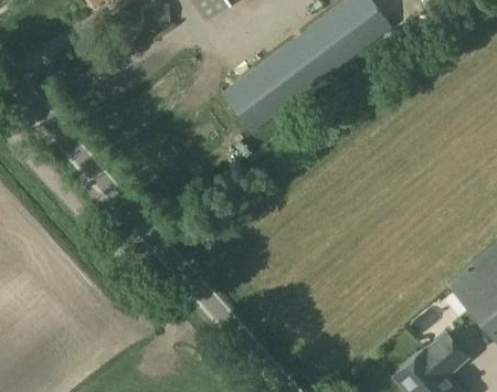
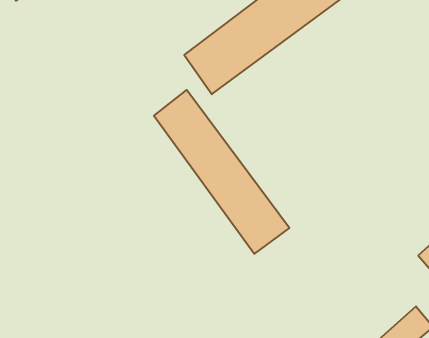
building: none -> [154,90,289,254]

